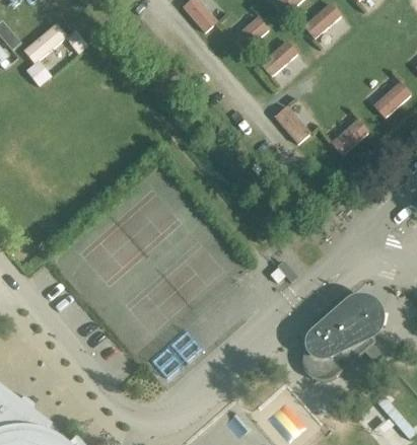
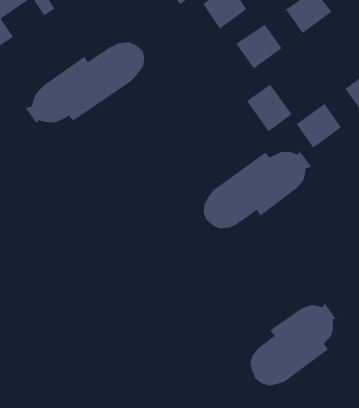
building: none -> [23,41,145,127]
building: none -> [203,148,314,229]

